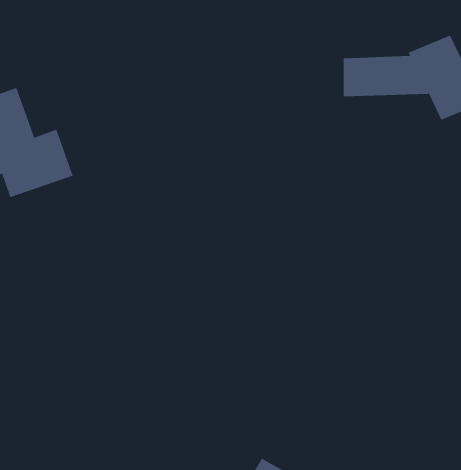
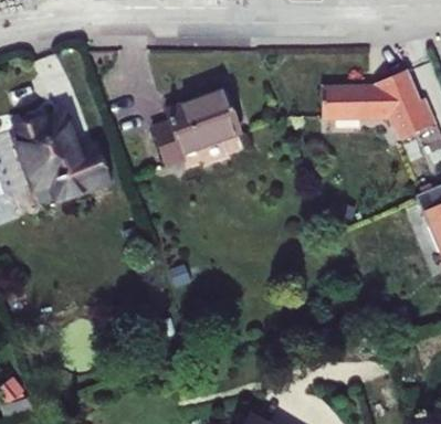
building: none -> [149,92,237,170]

